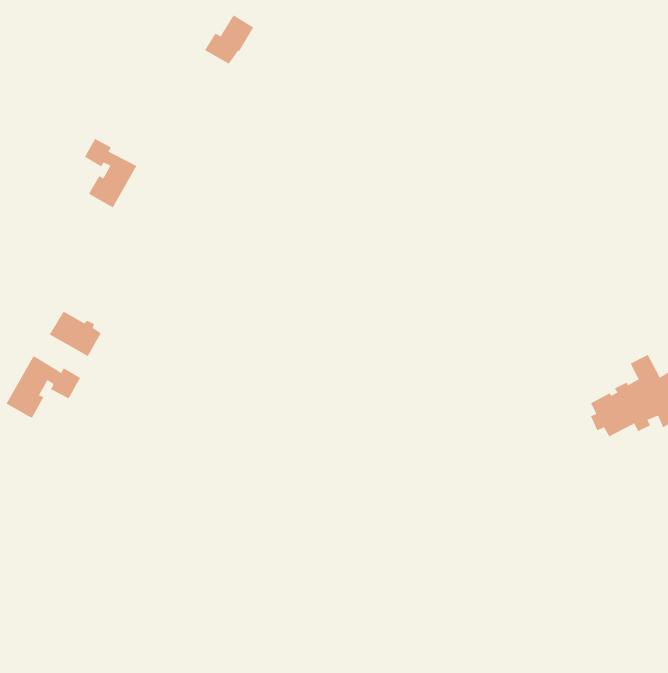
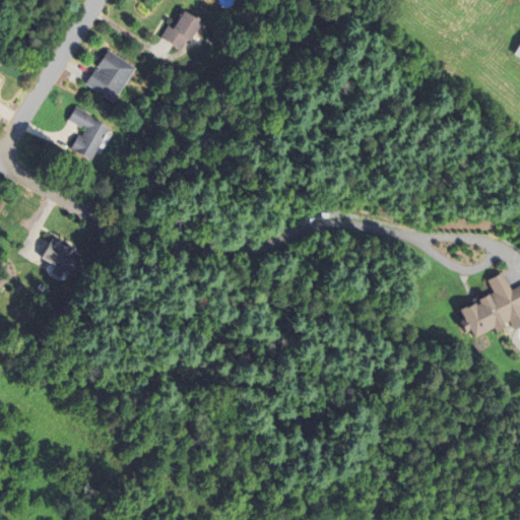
building: none -> [86,51,136,103]
building: [6,355,81,418] -> none

